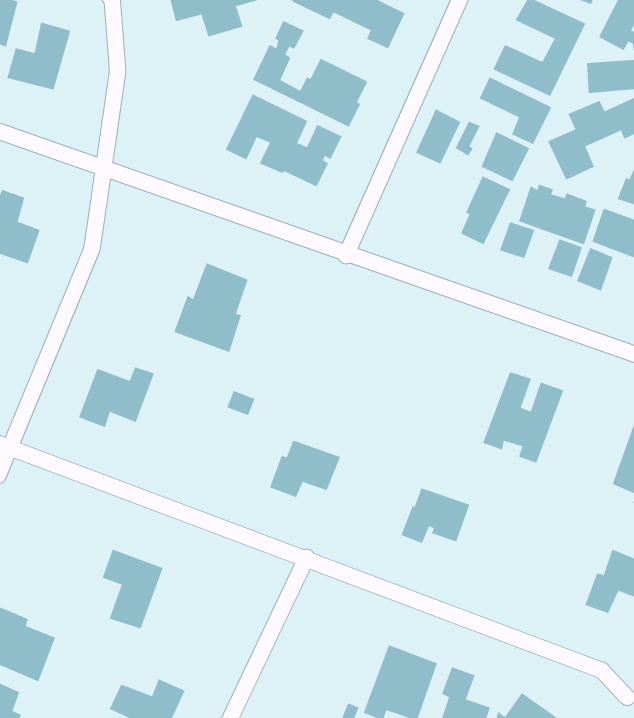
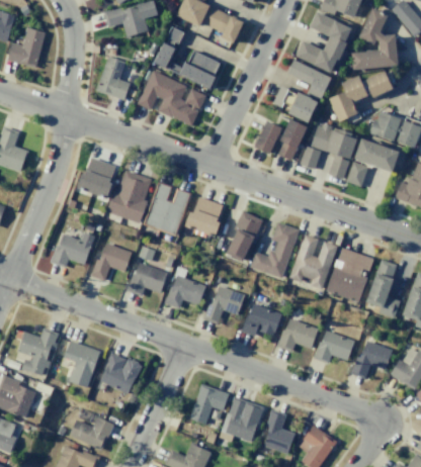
building: none -> [95,56,130,100]
building: [415,108,461,165] -> [254,120,281,154]
building: none -> [78,158,114,198]
building: none -> [144,182,191,236]
building: none -> [185,196,223,237]
building: none -> [227,210,263,261]
building: none -> [250,222,299,278]
building: none -> [91,243,132,280]
building: none -> [326,247,373,301]
building: none -> [125,263,167,296]
building: none -> [202,286,244,324]
building: none -> [276,318,318,352]
building: none -> [17,328,59,375]
building: none -> [313,331,354,363]
building: none -> [99,352,142,395]
building: none -> [189,383,229,424]

